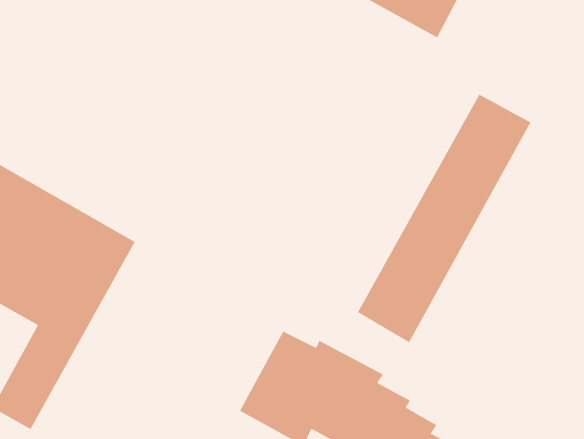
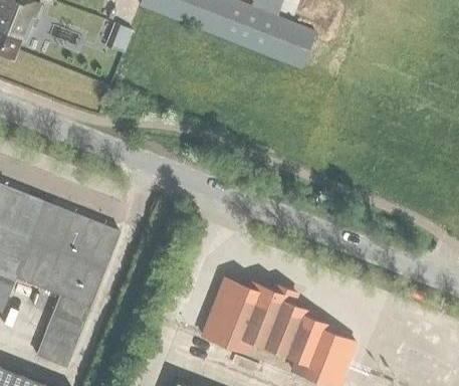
building: [357,94,531,343] -> none

